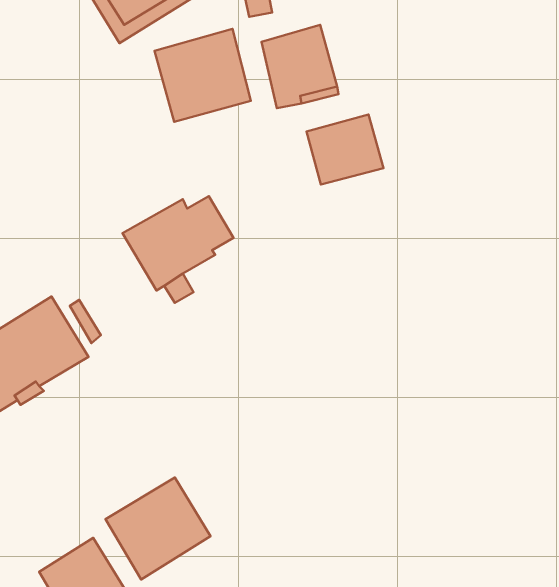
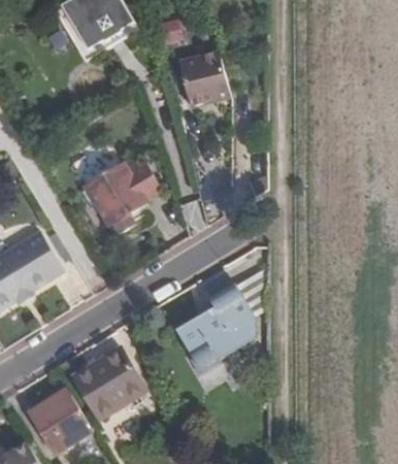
building: [155,29,251,122] -> none
building: [307,114,384,184] -> none
building: none -> [176,284,252,375]

